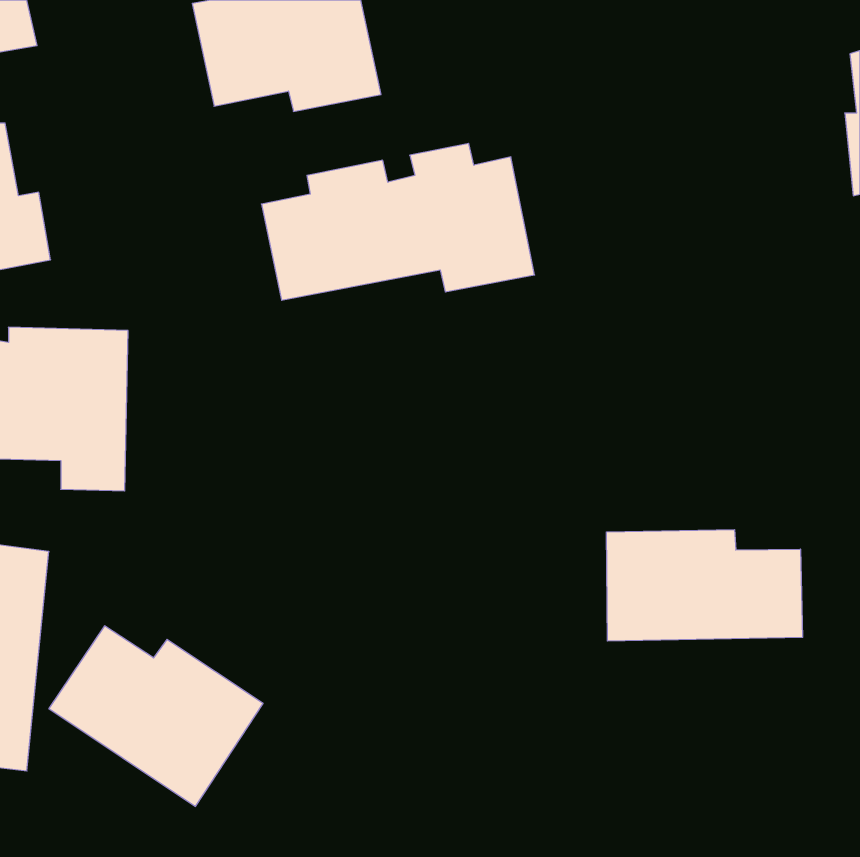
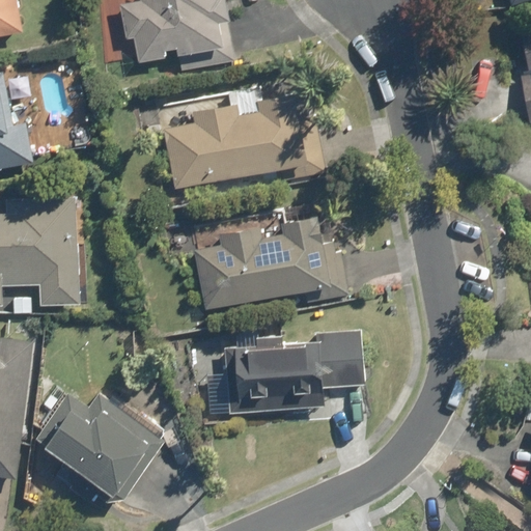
building: none -> [191,211,346,311]
building: [607,530,803,641] -> none
building: none -> [225,331,363,413]

